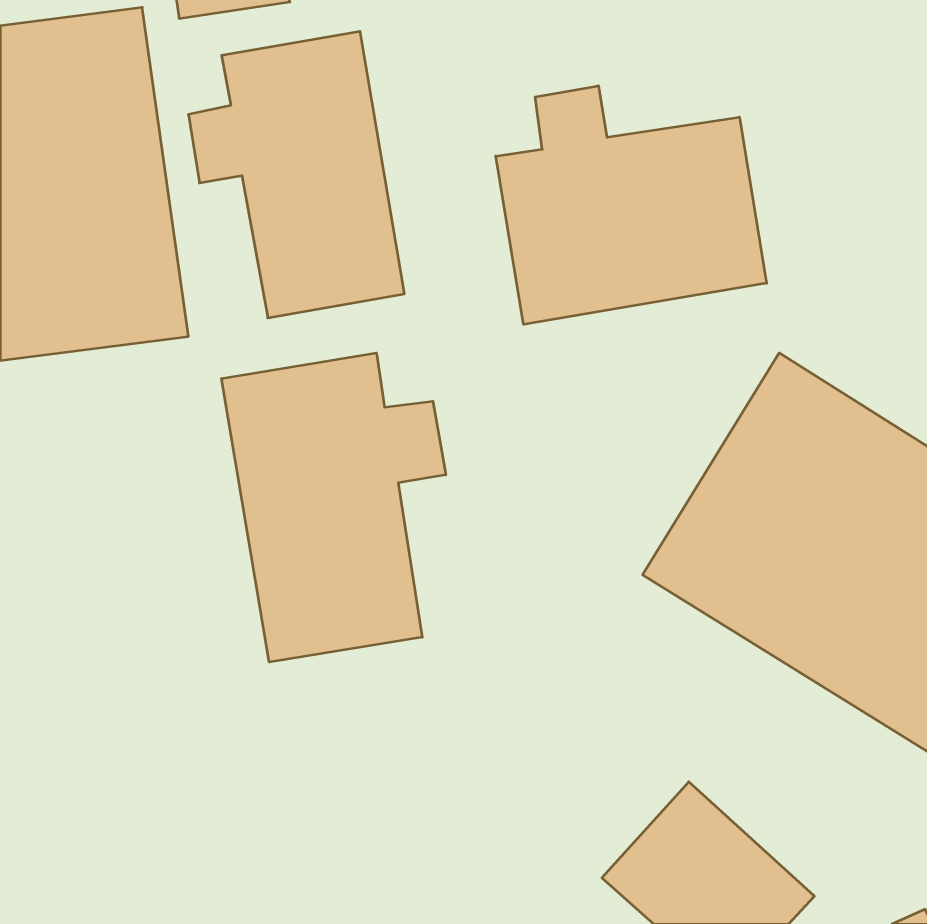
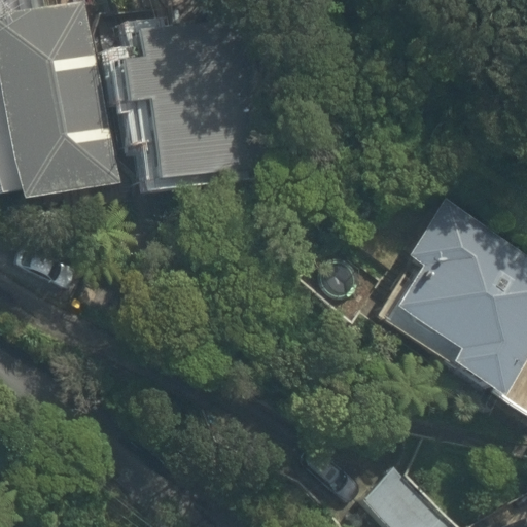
building: [496,86,767,324] -> none
building: [221,353,446,662] -> none

